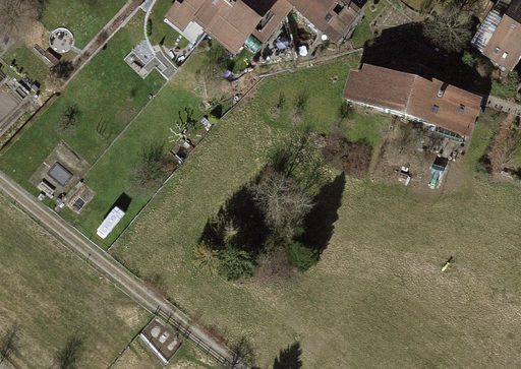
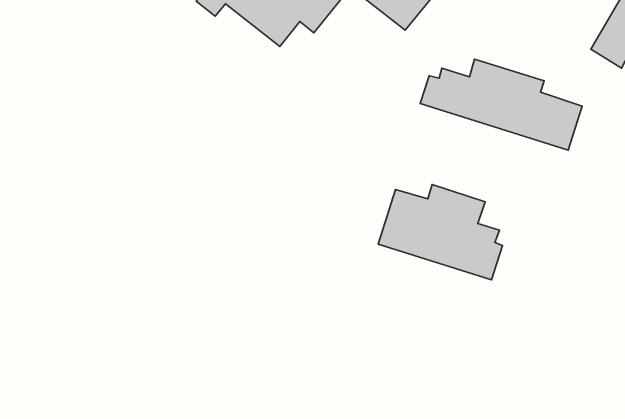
building: none -> [378,185,502,280]

